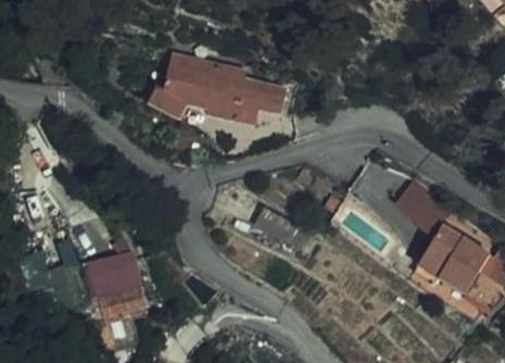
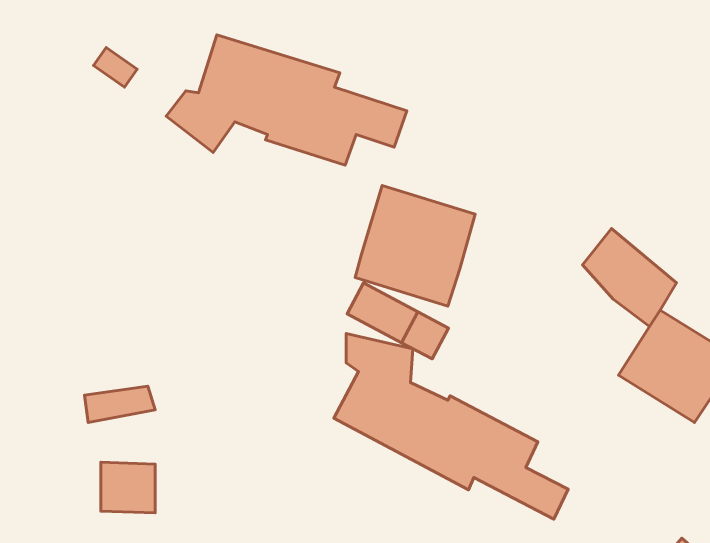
building: none -> [355,186,475,306]
building: none -> [334,334,568,519]
building: [97,280,141,310] -> none

